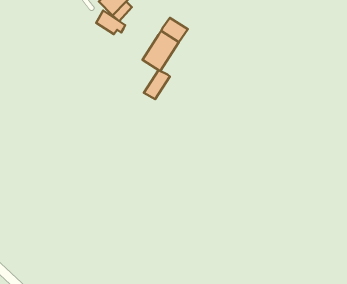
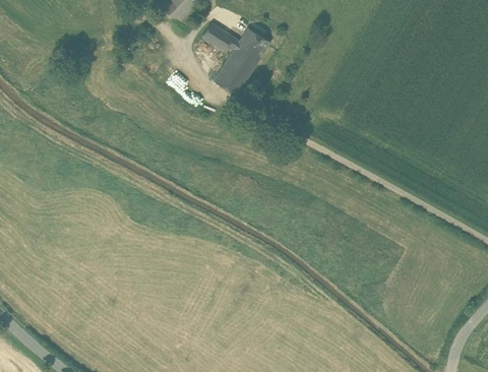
building: [96,11,125,34] -> [201,21,238,51]
building: [144,70,170,99] -> none

